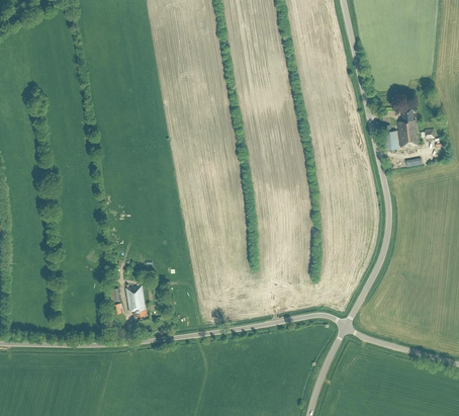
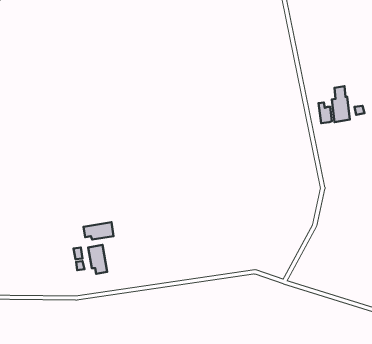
building: none -> [84,222,113,239]

